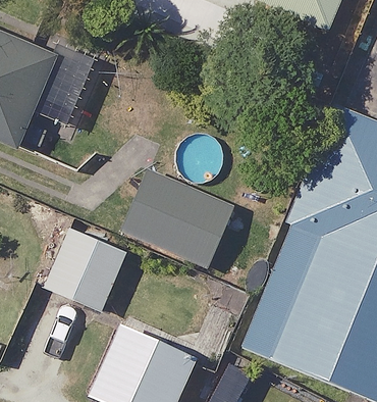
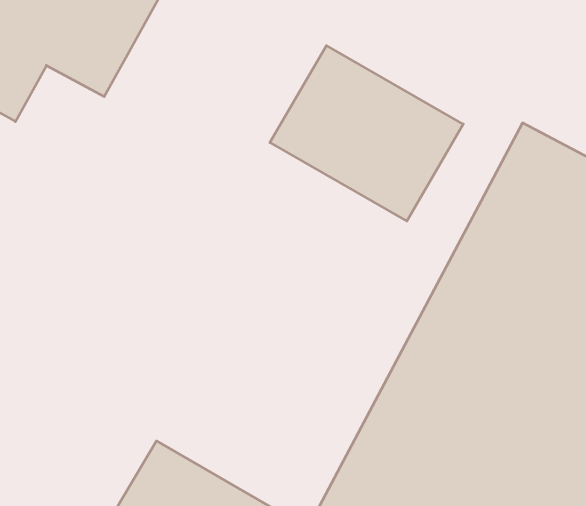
building: [123,170,234,267] -> [270,46,463,221]
building: [41,227,127,311] -> none

